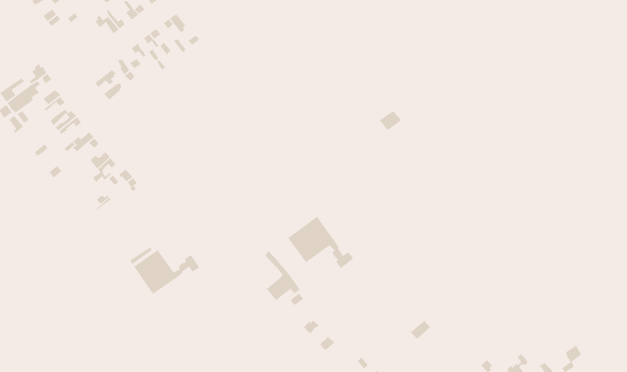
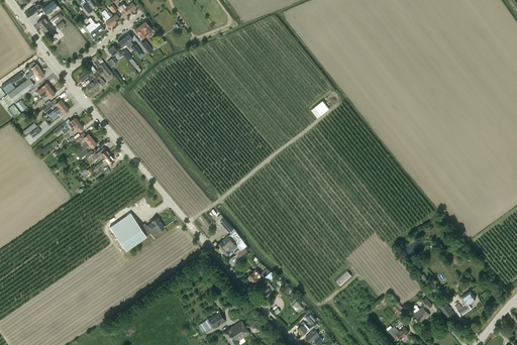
building: [287,216,354,269] -> none

